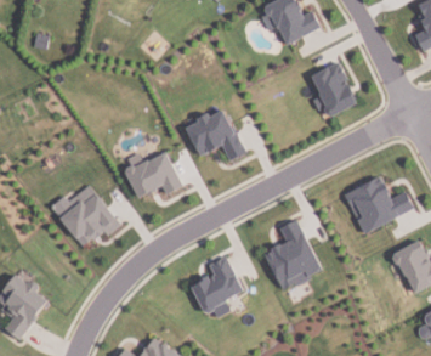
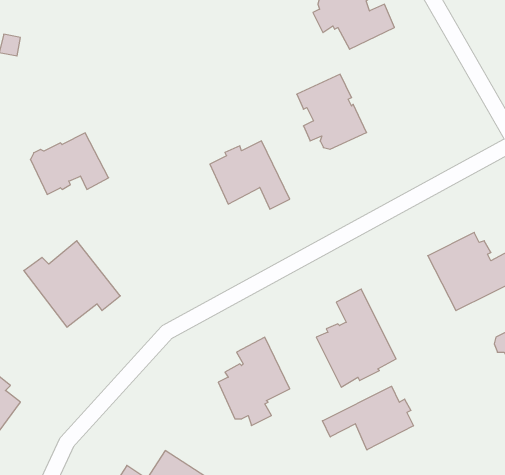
building: [308,61,359,115] -> [297,74,367,149]
building: [125,152,182,197] -> [30,133,109,194]
building: none -> [322,386,413,450]

